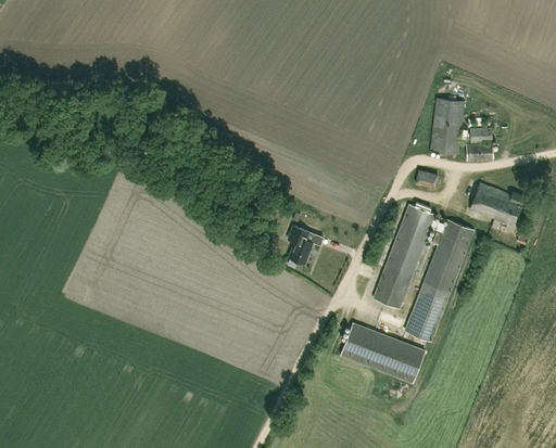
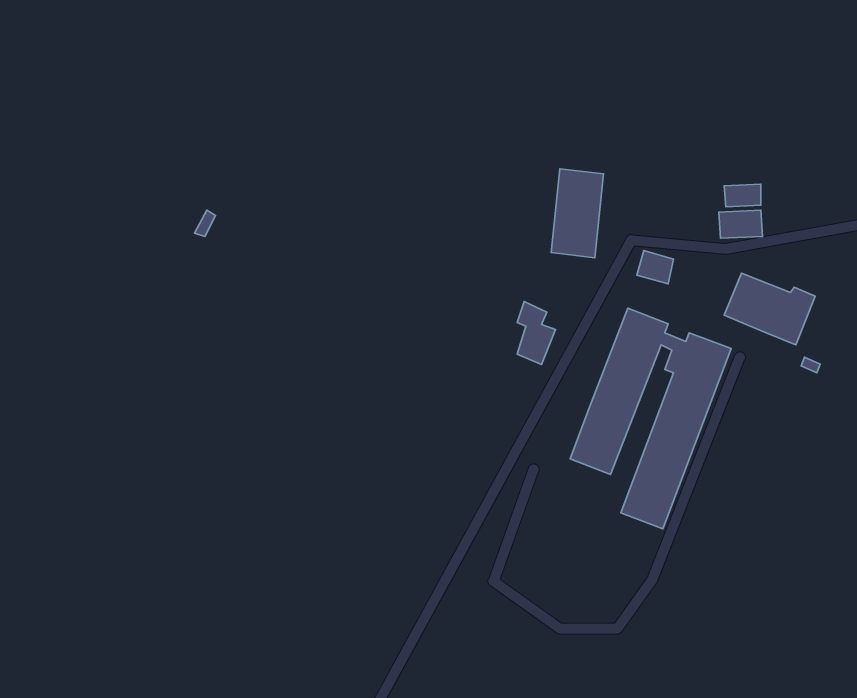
building: [431,98,464,153] -> [551,169,603,258]
building: [289,225,313,264] -> [517,302,556,365]
building: [341,322,425,382] -> none

